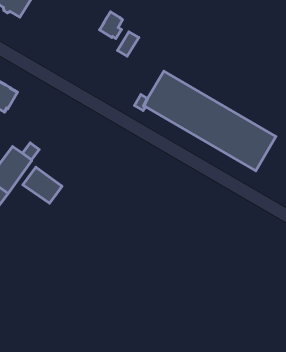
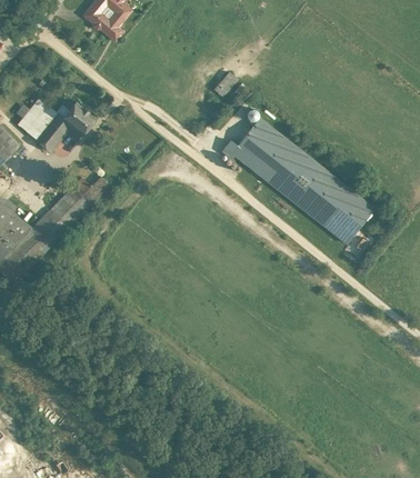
building: [99,12,122,39] -> none
building: [23,167,62,203] -> none

